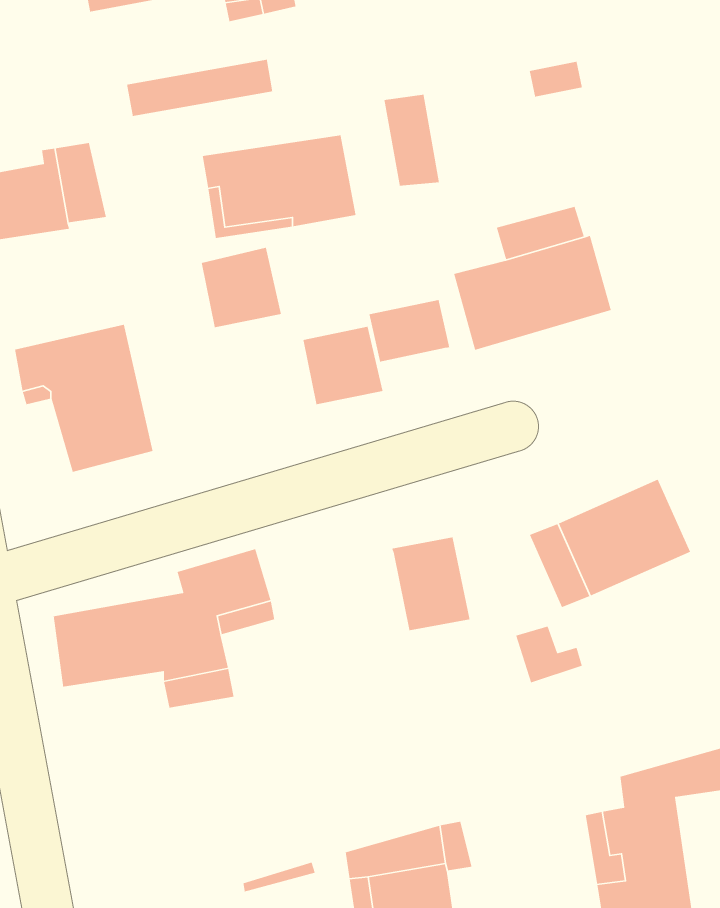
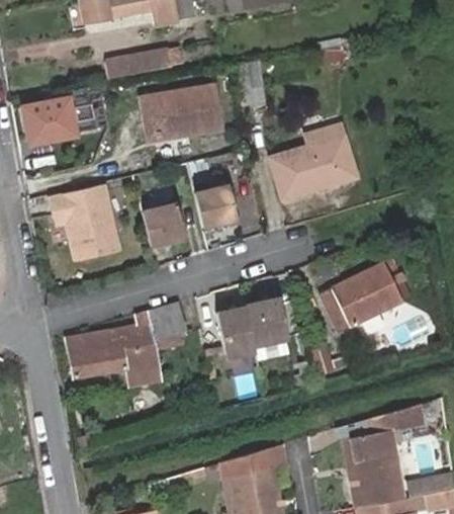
building: [201,247,282,328] -> [144,204,186,247]
building: [368,299,450,362] -> none
building: none -> [212,306,255,359]

